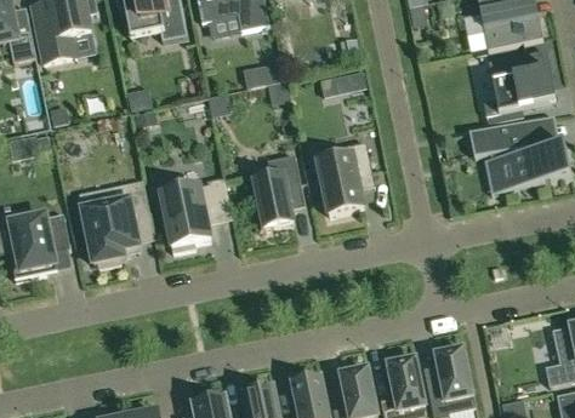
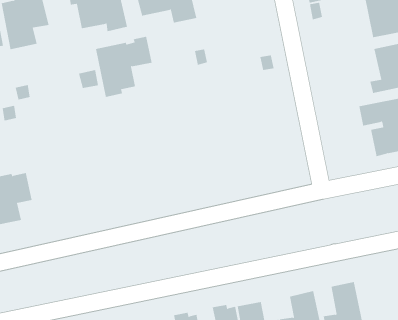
building: [317,141,371,214] -> none
building: [252,154,300,227] -> none
building: [160,176,230,251] -> [95,36,153,98]
building: [81,181,149,265] -> none

